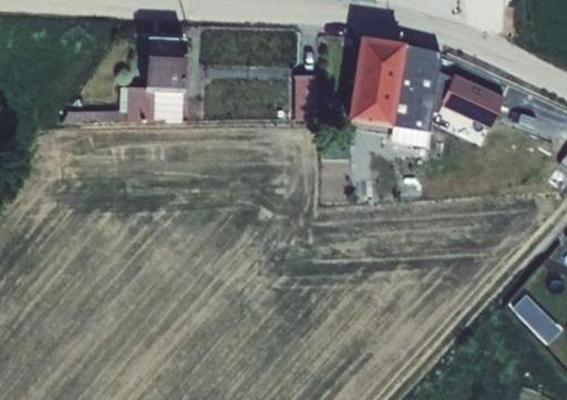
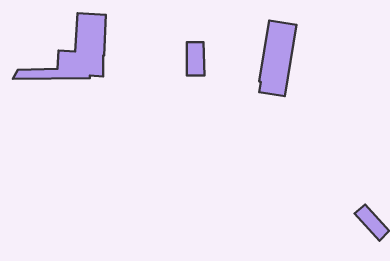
building: [346,35,404,127] -> none
building: [437,72,504,129] -> none

